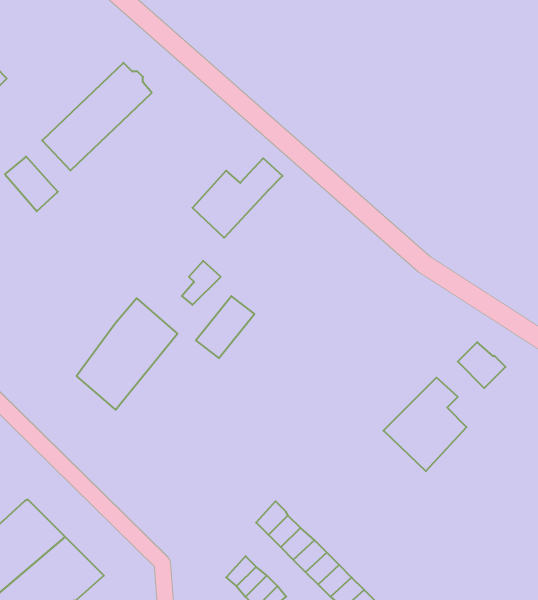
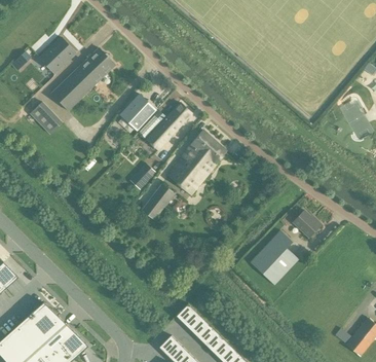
building: none -> [39,37,75,72]
building: none -> [118,94,156,130]
building: [77,298,177,410] -> [167,130,226,194]

